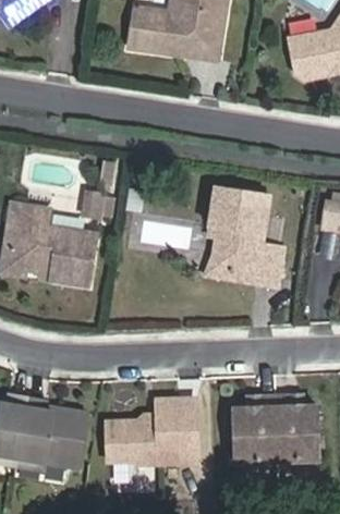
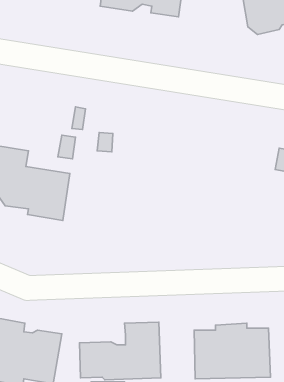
building: [209,187,283,286] -> none

